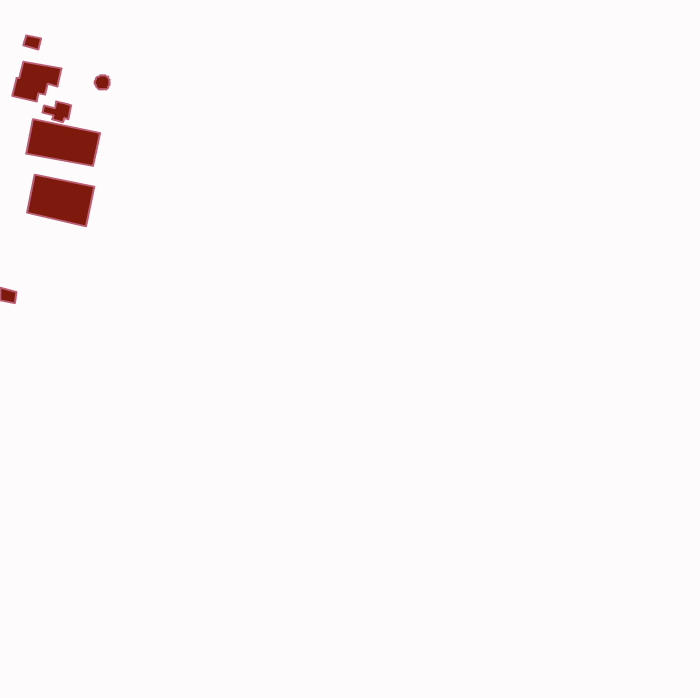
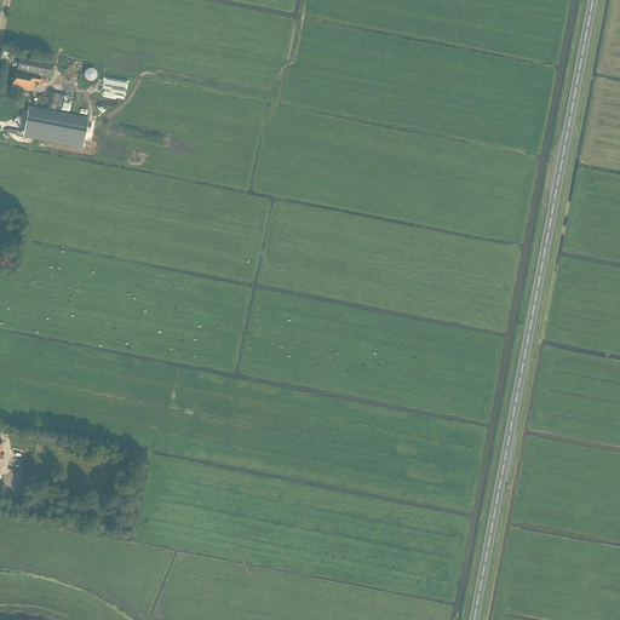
building: [27,175,94,226] -> none

